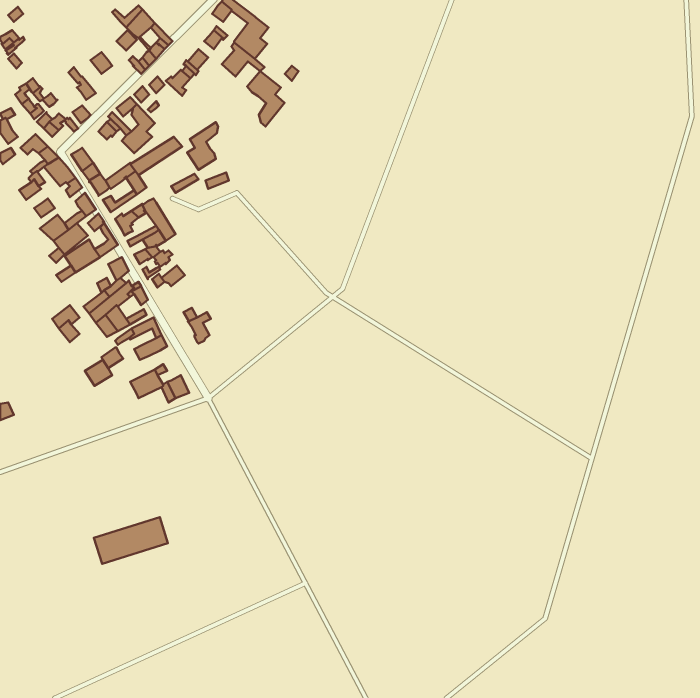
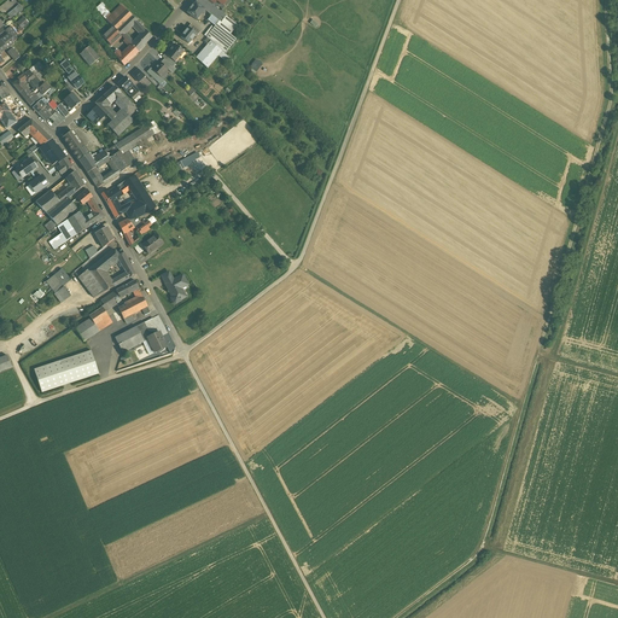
building: [247,71,285,127] -> none
building: [187,122,218,170] -> none
building: [94,517,168,564] -> [34,350,99,391]

